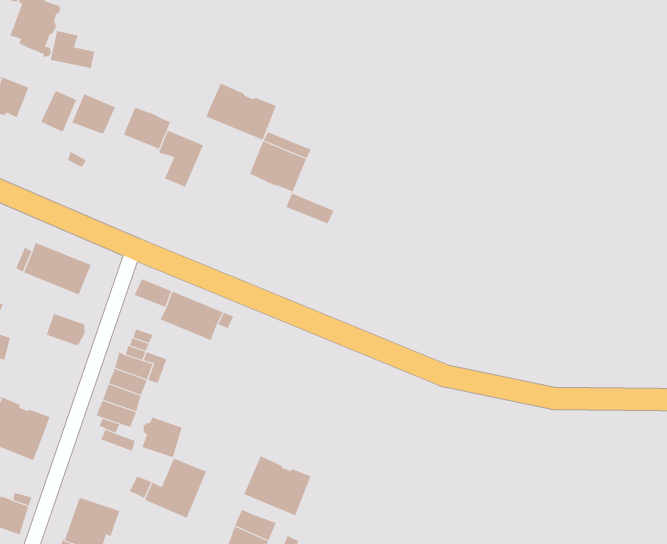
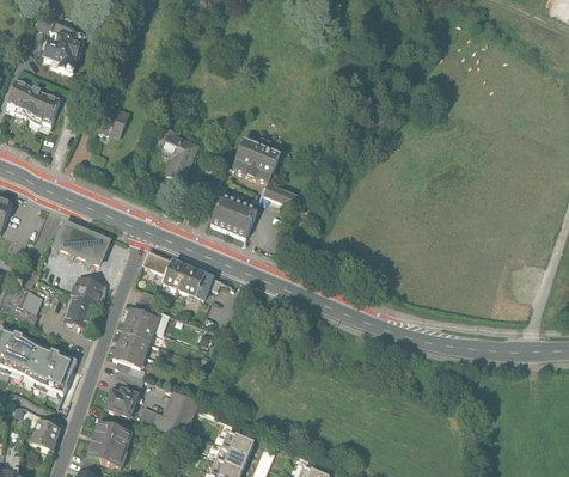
building: [50,30,95,69] -> none
building: [206,83,276,141] -> none
building: [41,90,77,132] -> none
building: [123,107,171,150] -> none
building: none -> [210,194,257,236]
building: none -> [65,293,97,326]
building: [141,417,182,458] -> [105,384,137,416]
building: [243,455,311,516] -> none

